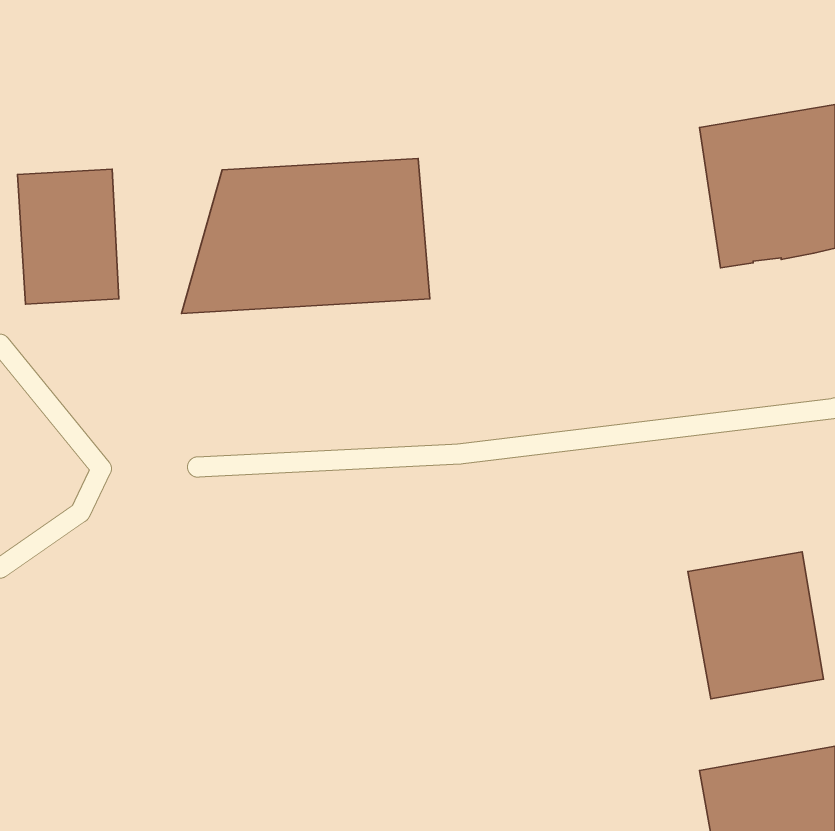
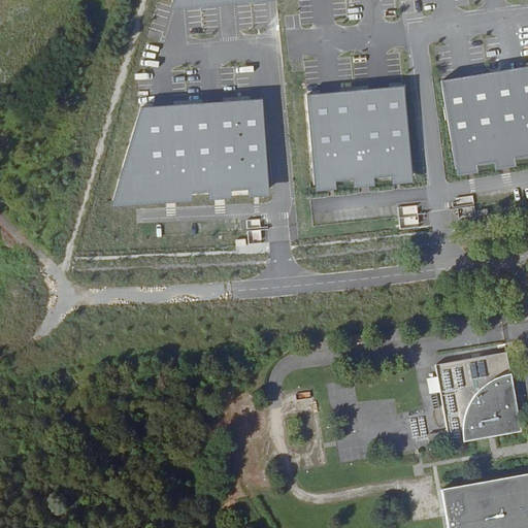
building: none -> [306,88,414,187]
building: [17,169,119,304] -> none

